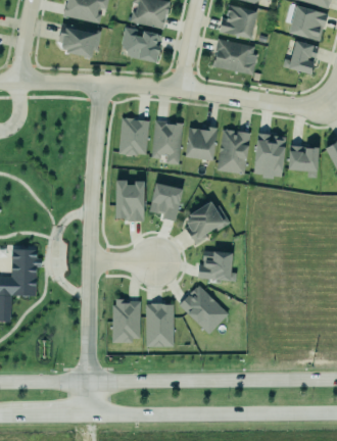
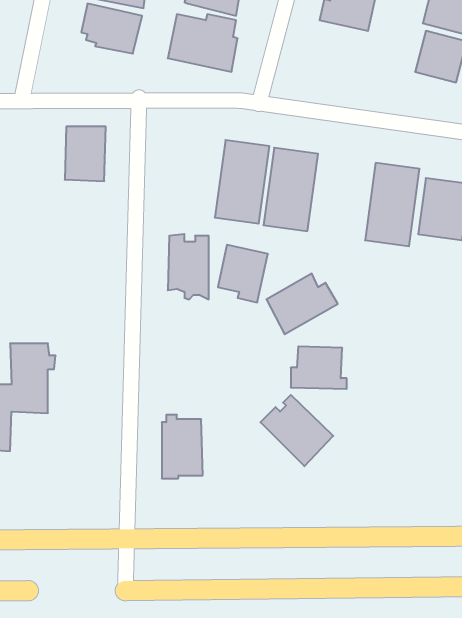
building: [214,40,258,74] -> none
building: [117,116,145,153] -> [65,127,106,181]
building: [213,124,250,180] -> none
building: [146,303,175,347] -> none

